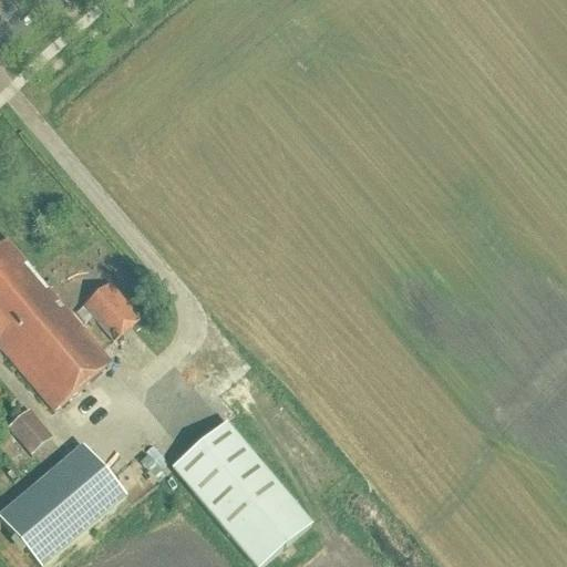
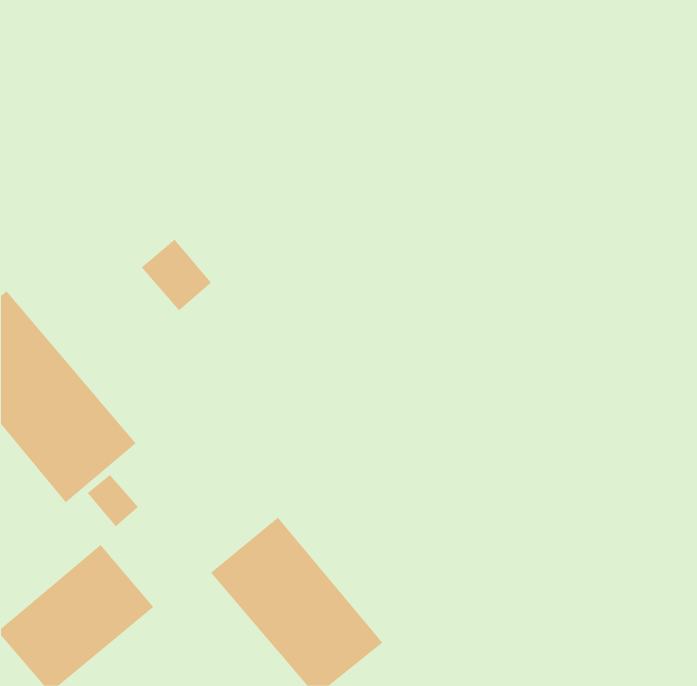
building: [82,279,140,338] -> [141,239,212,311]
building: [8,408,50,451] -> [87,474,139,527]

